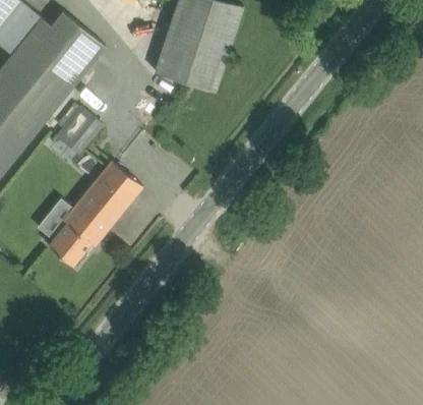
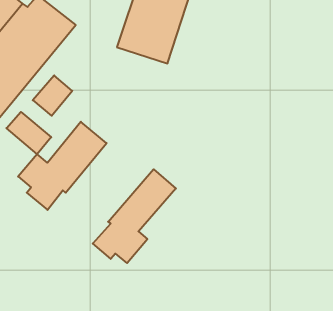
building: none -> [6,112,51,154]
building: none -> [93,169,176,263]

